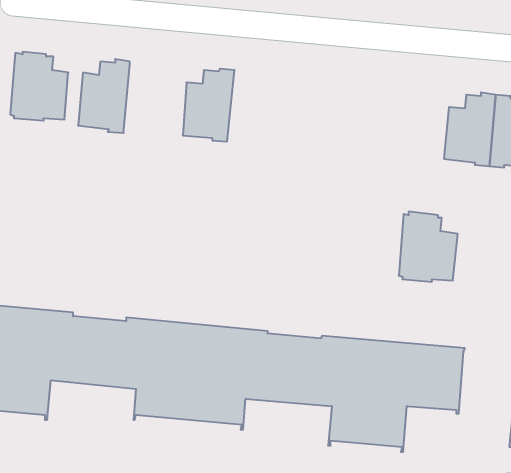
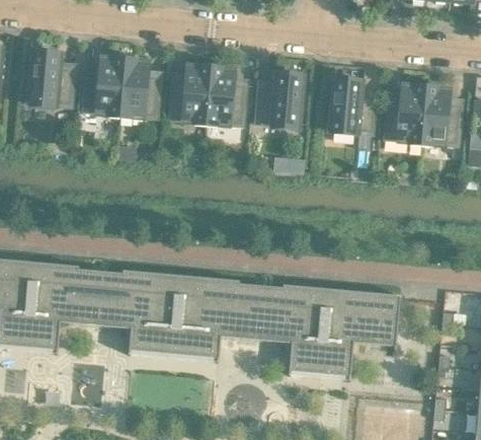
building: none -> [121,58,161,118]
building: none -> [206,65,247,126]
building: none -> [255,71,305,129]
building: [399,212,458,282] -> [328,76,377,134]

